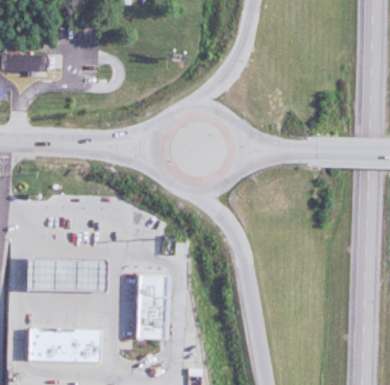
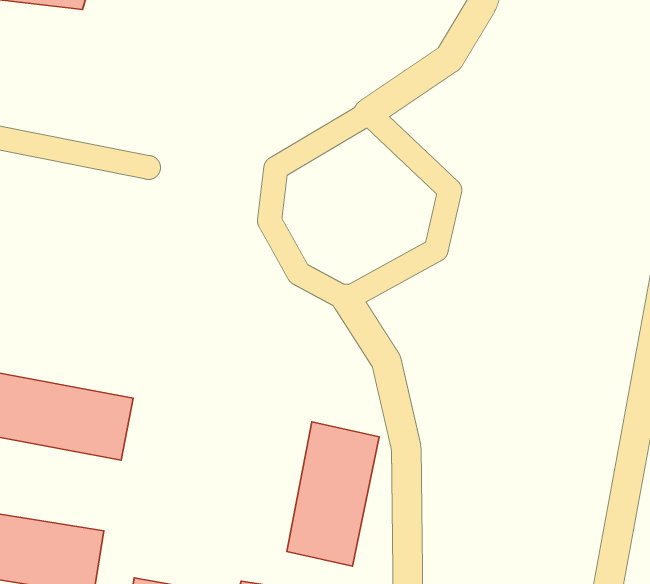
building: [137,271,174,340] -> [287,422,379,566]

